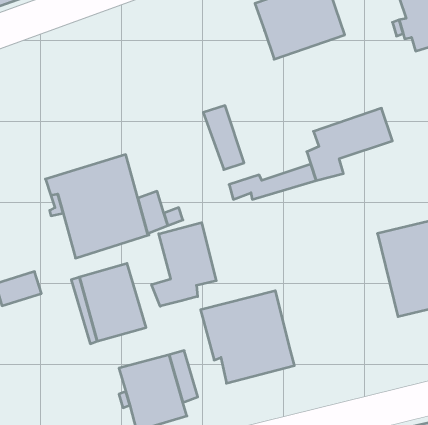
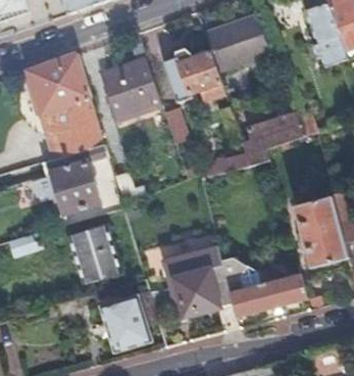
building: none -> [162,49,223,102]
building: none -> [29,53,104,156]
building: none -> [99,57,161,122]
building: [152,223,216,306] -> none
building: none -> [229,273,304,317]

